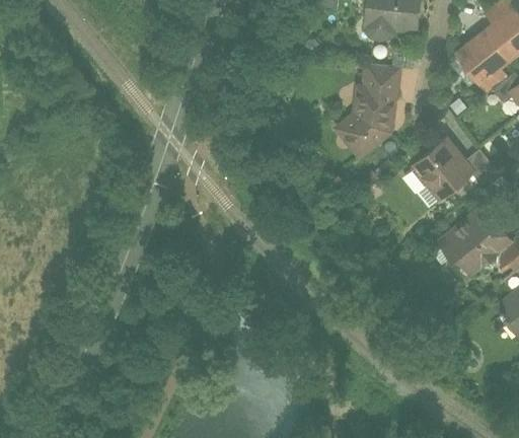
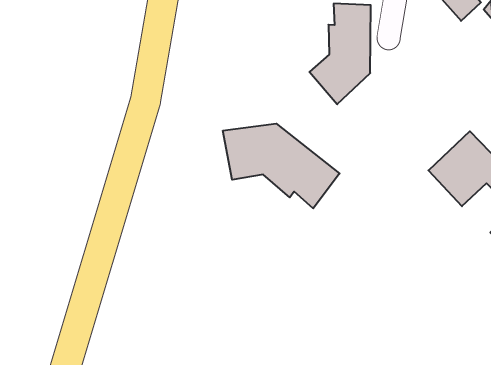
building: [411,135,496,201] -> none
building: none -> [223,124,340,208]

